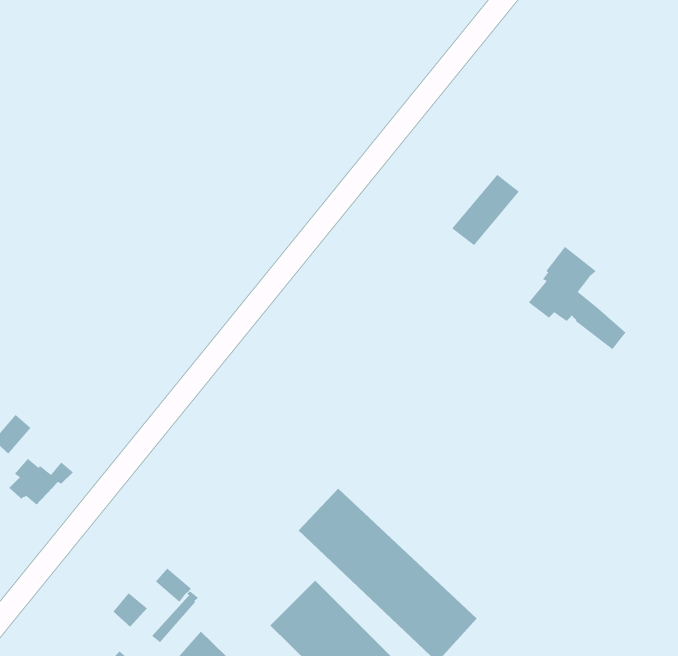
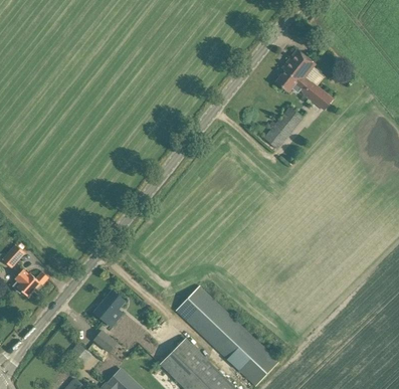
building: [528,246,627,350] -> [275,50,332,110]
building: none -> [93,291,125,328]

